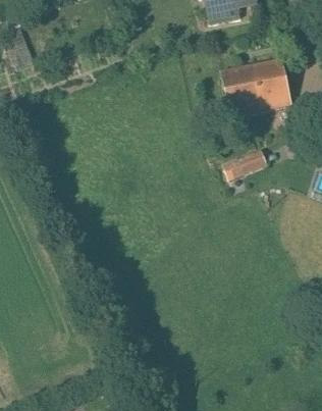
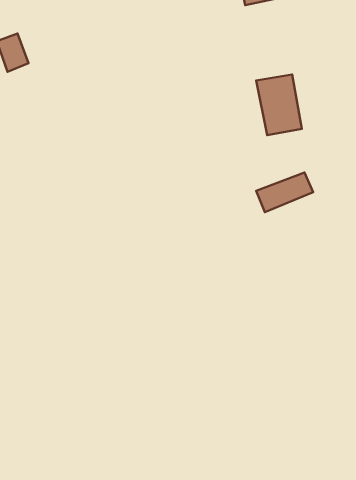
building: [251,60,291,112] -> none

